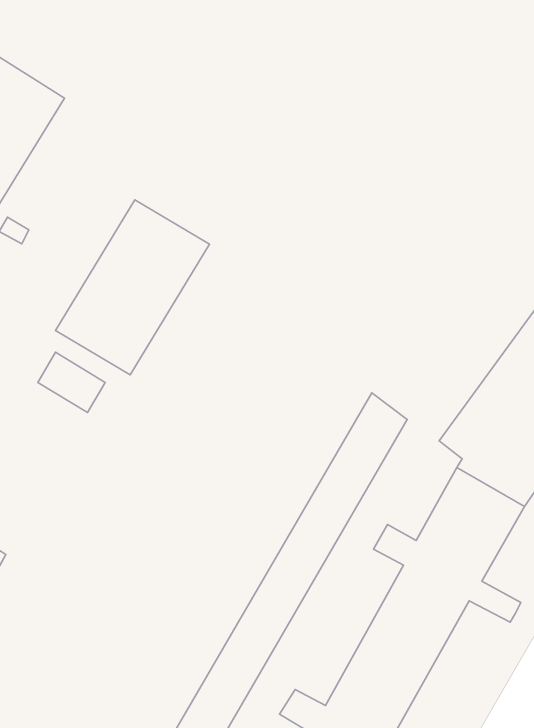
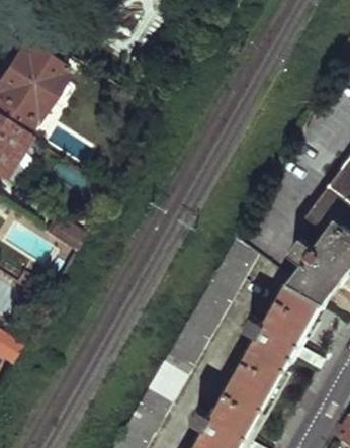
building: [55,200,209,375] -> none

